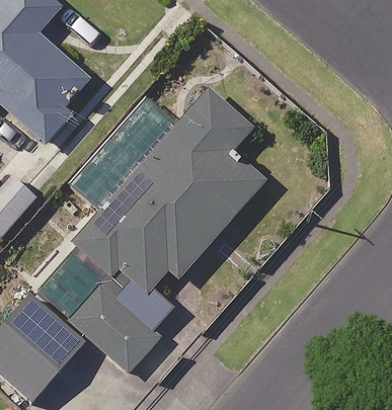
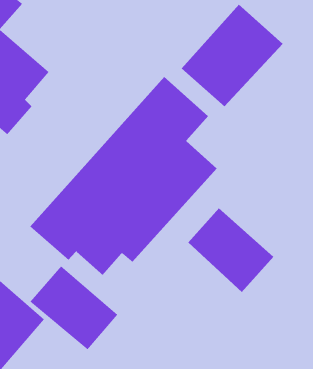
building: none -> [181,4,284,107]
building: none -> [187,207,274,293]

